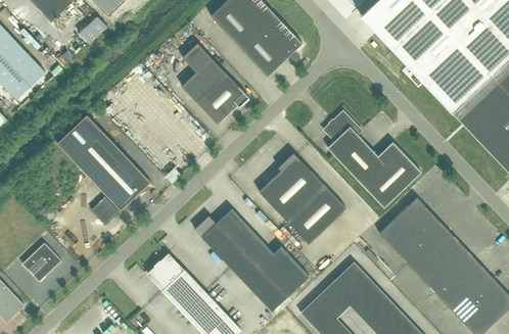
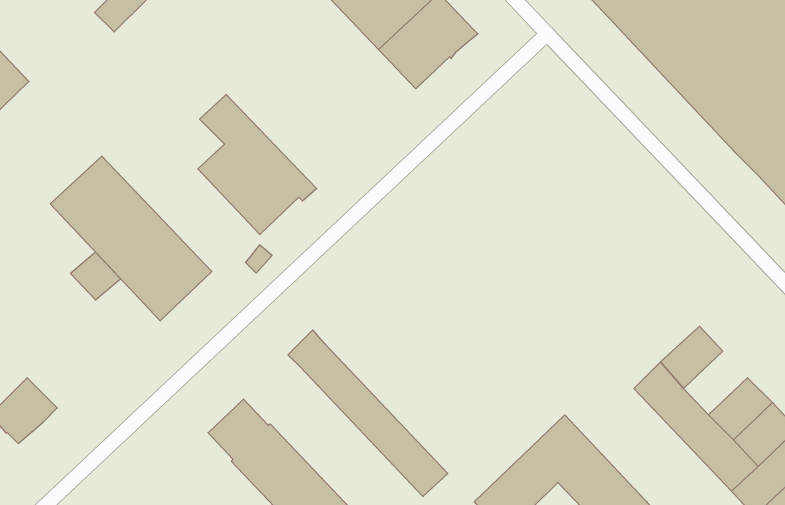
building: [181,43,249,124] -> [198,94,317,235]
building: [324,111,421,207] -> none
building: [259,152,345,243] -> none
building: [91,196,120,224] -> [71,252,120,300]
building: [379,197,431,248] -> none
building: [216,208,310,297] -> none
building: [422,227,459,264] -> none

